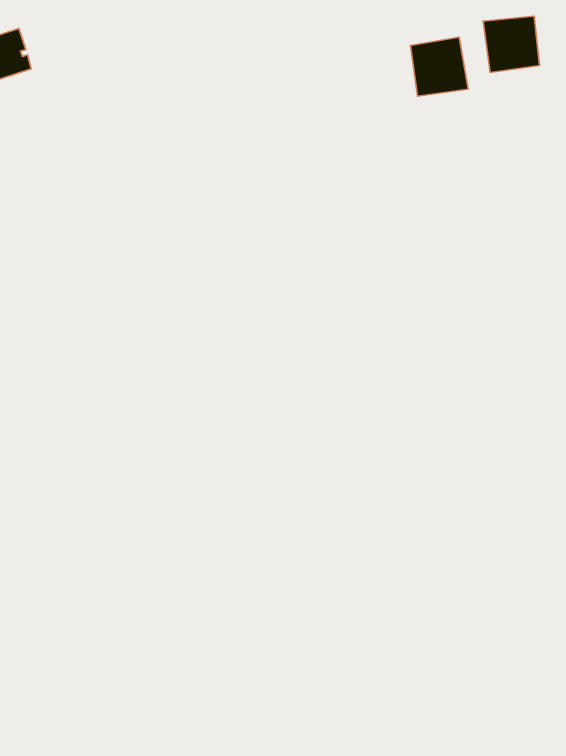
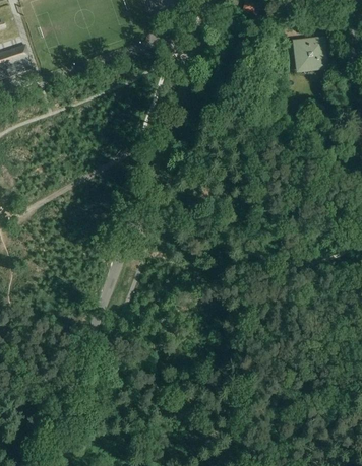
building: [411,37,468,96] -> none

